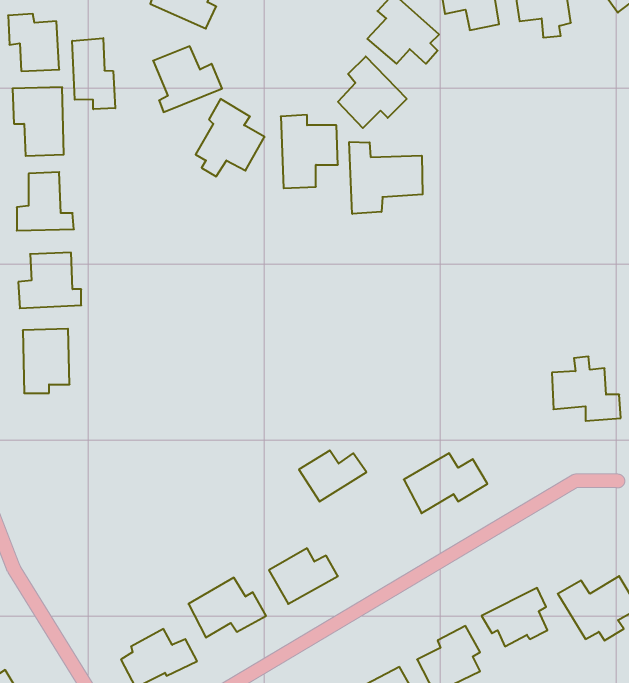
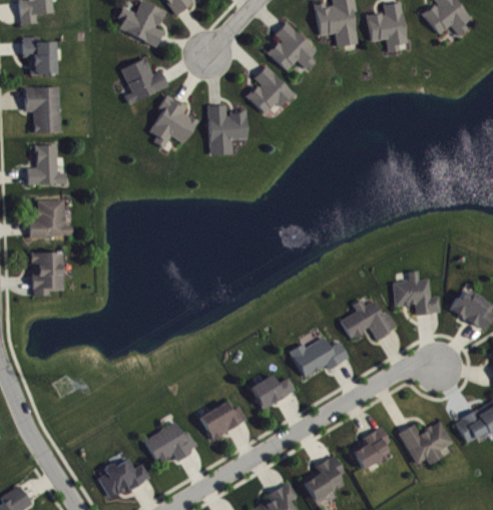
building: [72,38,115,109] -> none
building: [349,142,423,214] -> none
building: none -> [340,300,396,340]
building: [299,450,366,502] -> [250,375,296,410]

